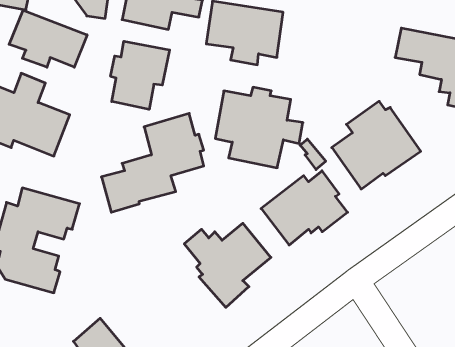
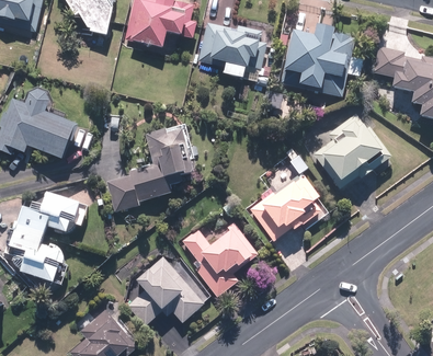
building: [9,10,87,67] -> none
building: [111,41,170,109] -> none
building: [215,87,303,168] -> [285,27,364,100]
building: none -> [125,255,203,326]

